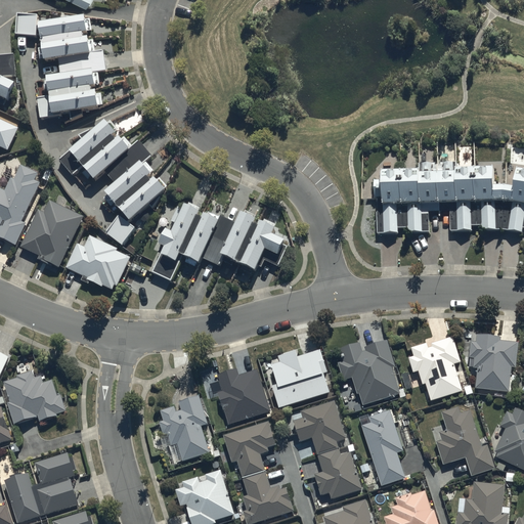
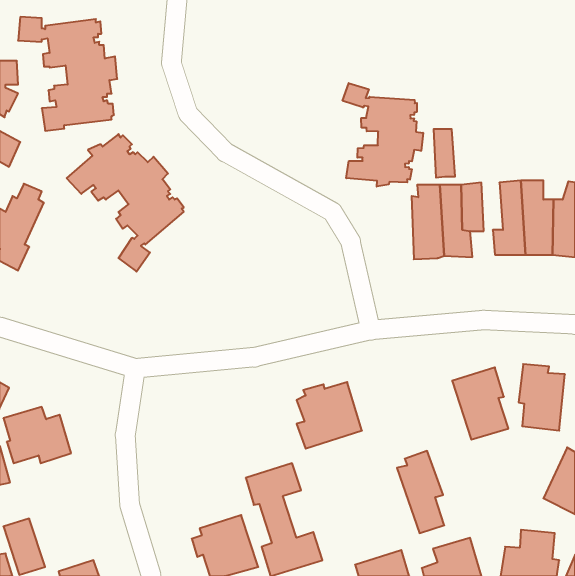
building: none -> [343,83,423,187]
building: [437,166,456,210] -> [434,129,455,178]
building: [20,201,84,269] -> none
building: [154,205,289,282] -> none
building: [66,236,131,292] -> none
building: [337,338,399,404] -> none
building: [216,366,269,424] -> none
building: [159,394,208,457] -> none
building: [294,400,360,497] -> none
building: [434,406,494,475] -> none
building: [35,451,74,483] -> none
building: [37,479,78,514] -> none

